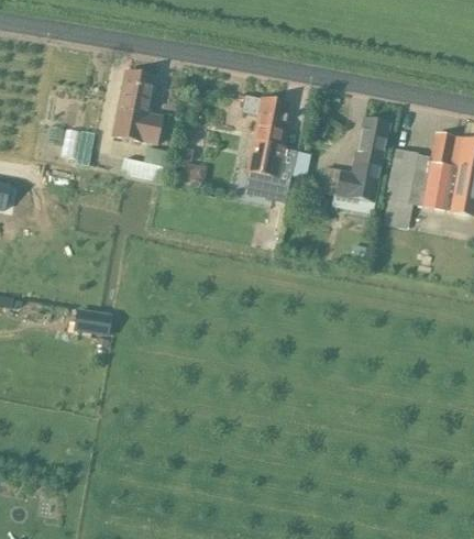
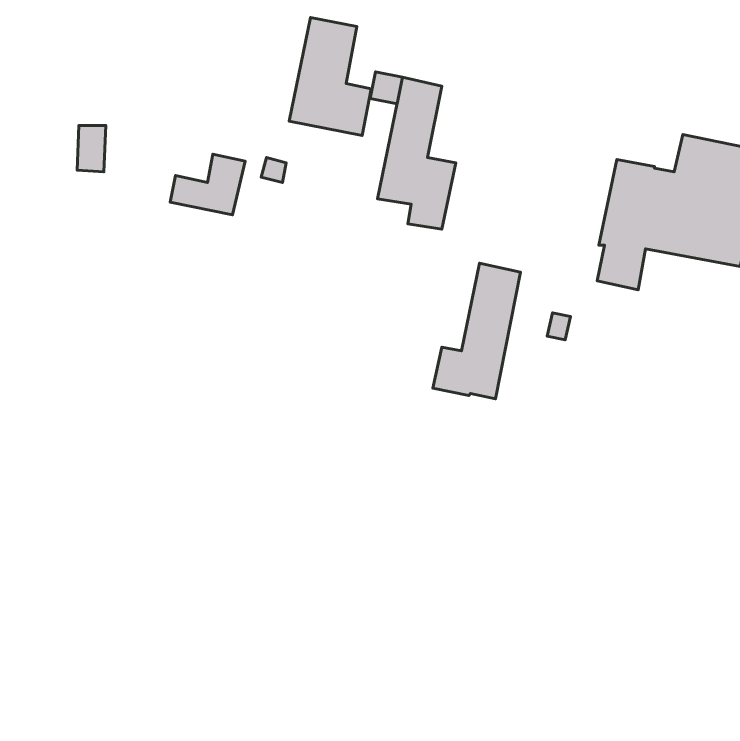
building: [113,70,164,143] -> [289,17,371,135]
building: [335,118,389,201] -> [433,263,521,399]
building: [74,307,112,333] -> none

